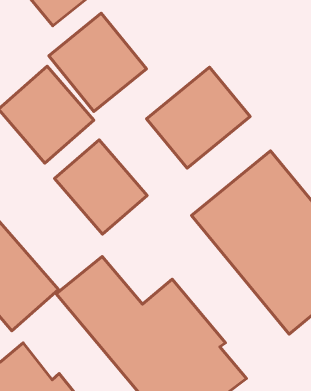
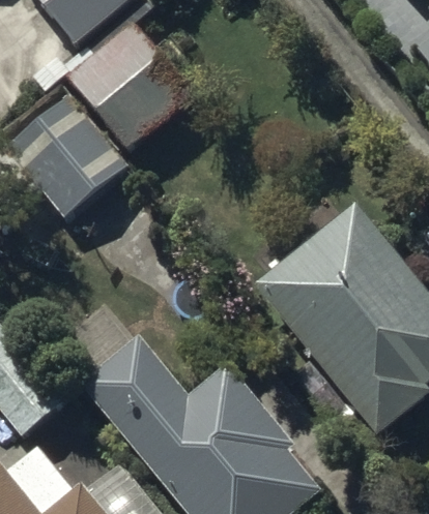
building: [146,67,250,168] -> none
building: [55,140,147,234] -> none

